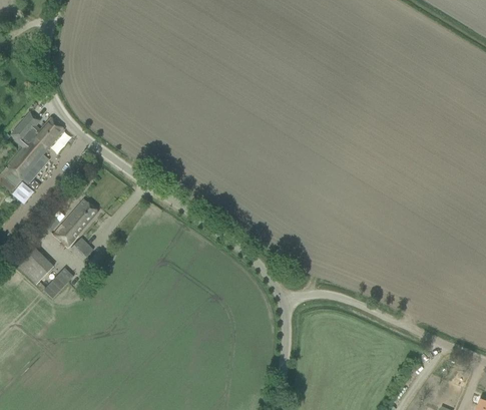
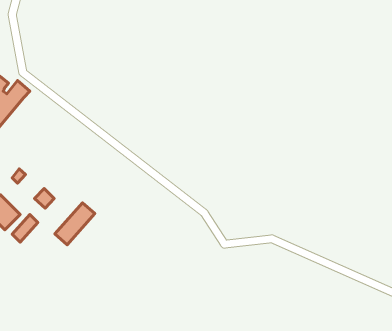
building: [52,198,97,246] -> [55,203,95,245]

